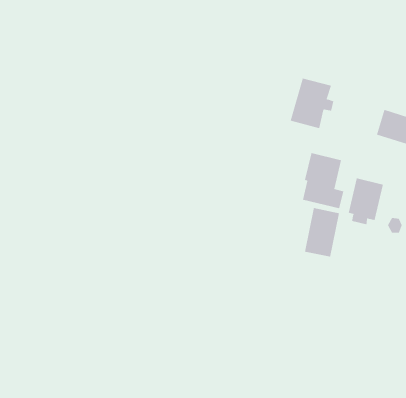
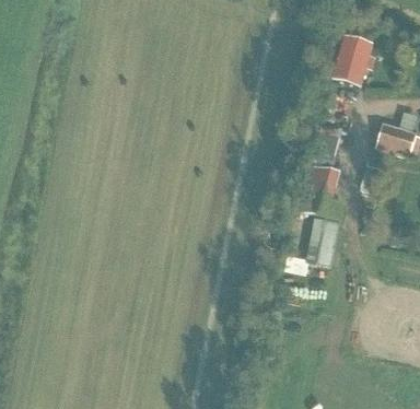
building: [290,78,334,129] -> [332,33,376,83]
building: [348,178,384,225] -> none

